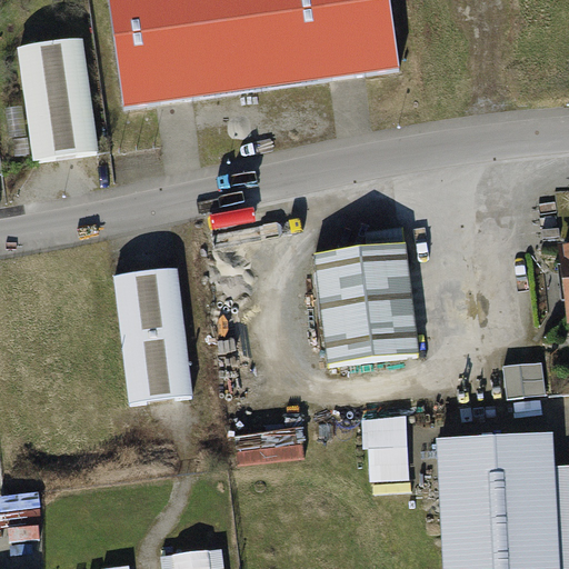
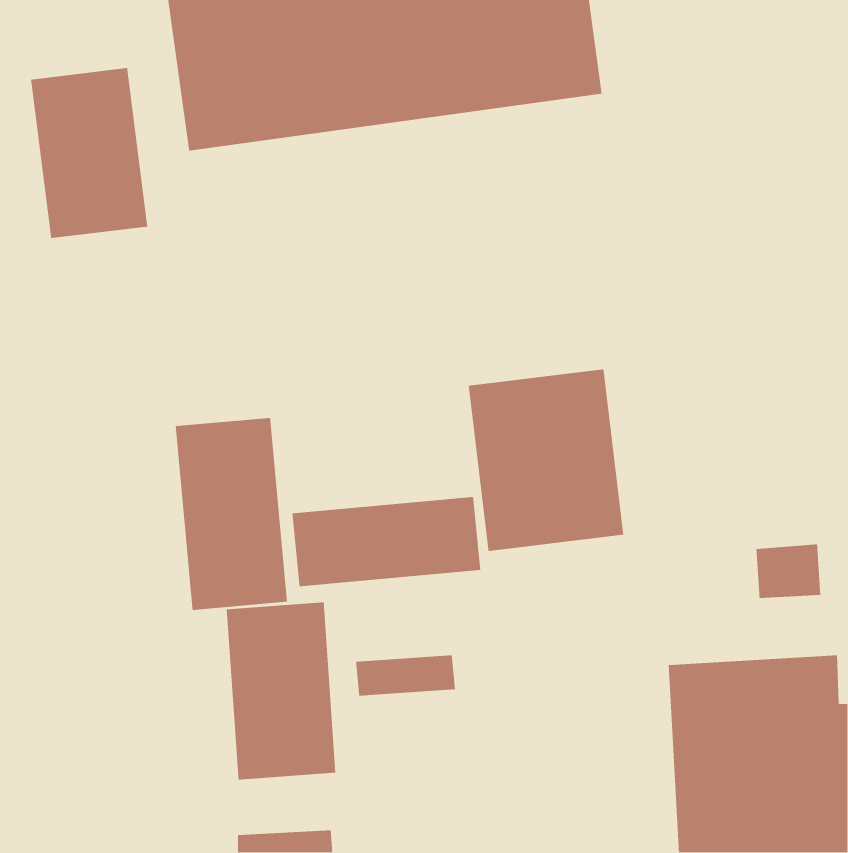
building: none -> [292,496,481,587]
building: none -> [226,602,336,780]
building: [360,413,406,479] -> none

